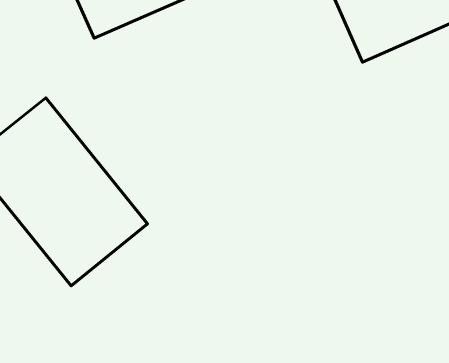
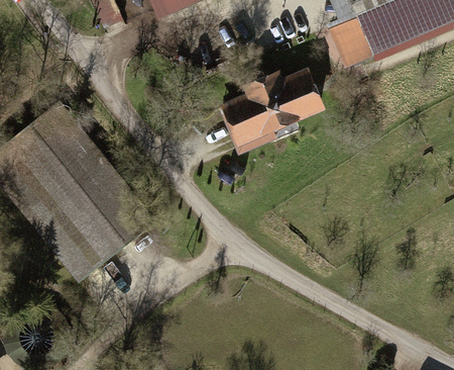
building: none -> [230,65,333,141]

